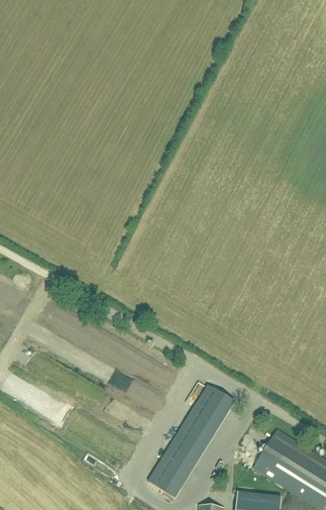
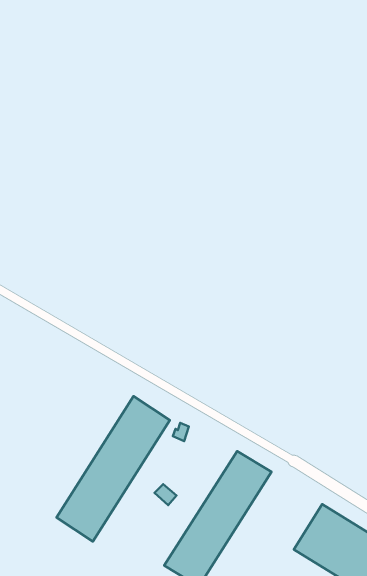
building: none -> [57,396,170,541]

